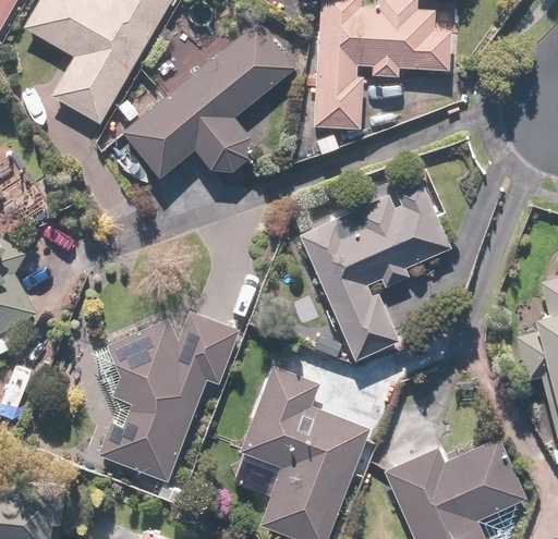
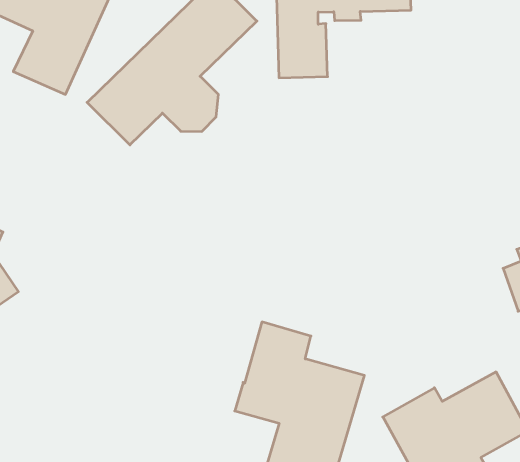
building: [299,182,451,362] -> none
building: [98,313,241,482] -> none

